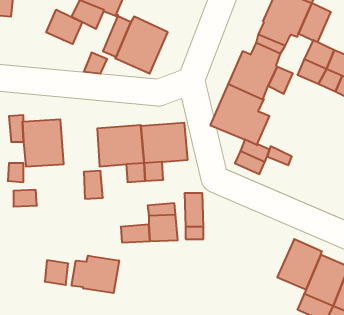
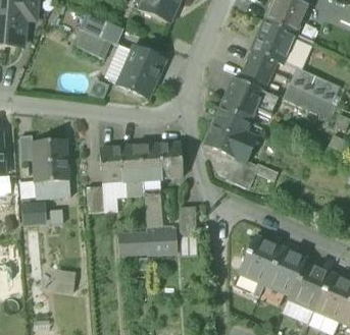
building: [46,10,82,44] -> none
building: none -> [35,179,70,199]
building: none -> [239,235,280,282]
building: [72,256,119,293] -> none

